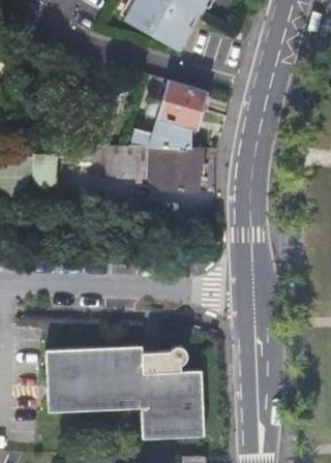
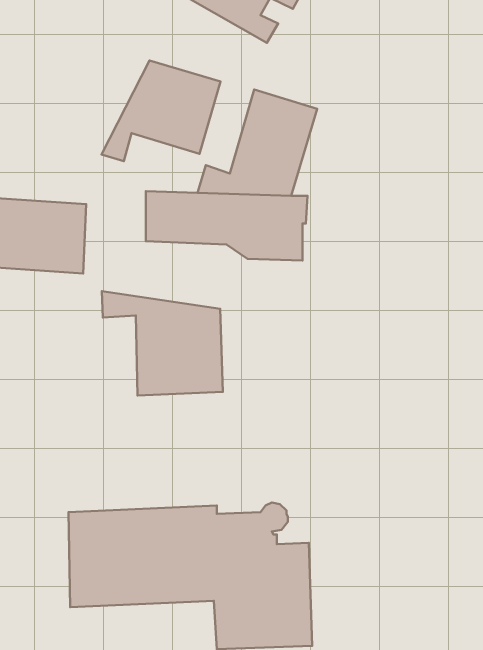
building: none -> [101,60,220,161]
building: none -> [102,291,223,395]

